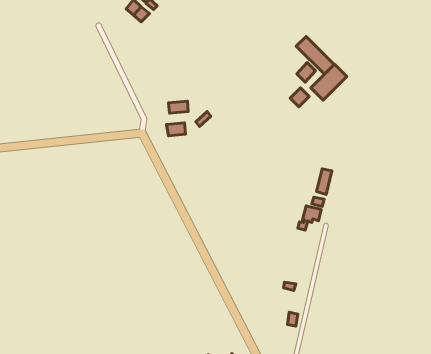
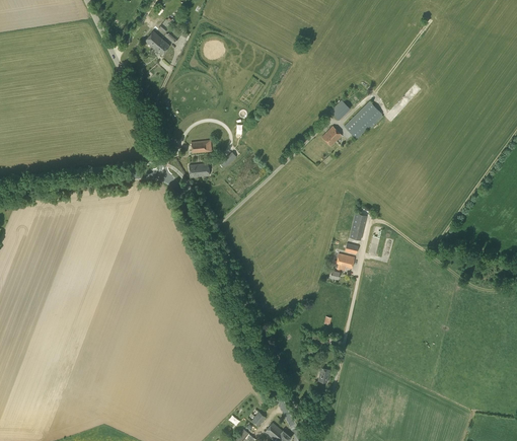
building: [296,36,334,74] -> none

